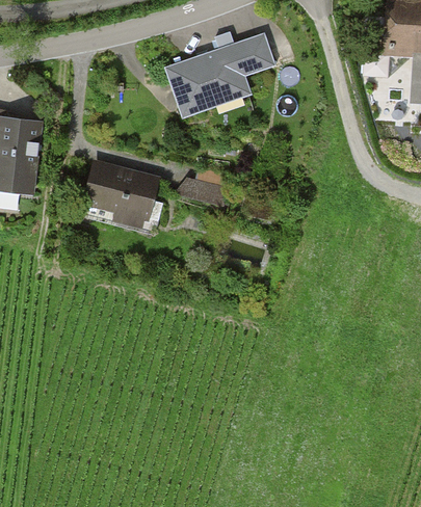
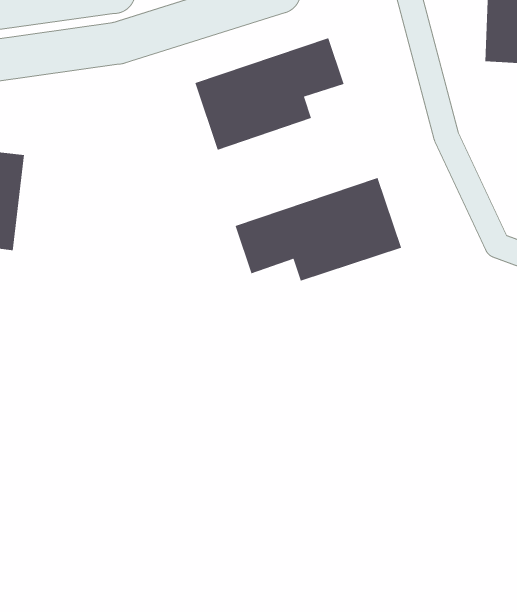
building: none -> [235,177,402,282]
building: [79,159,161,226] -> none

